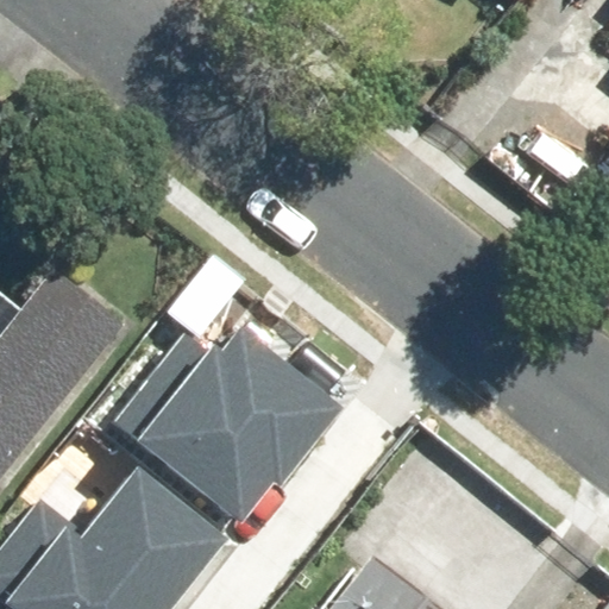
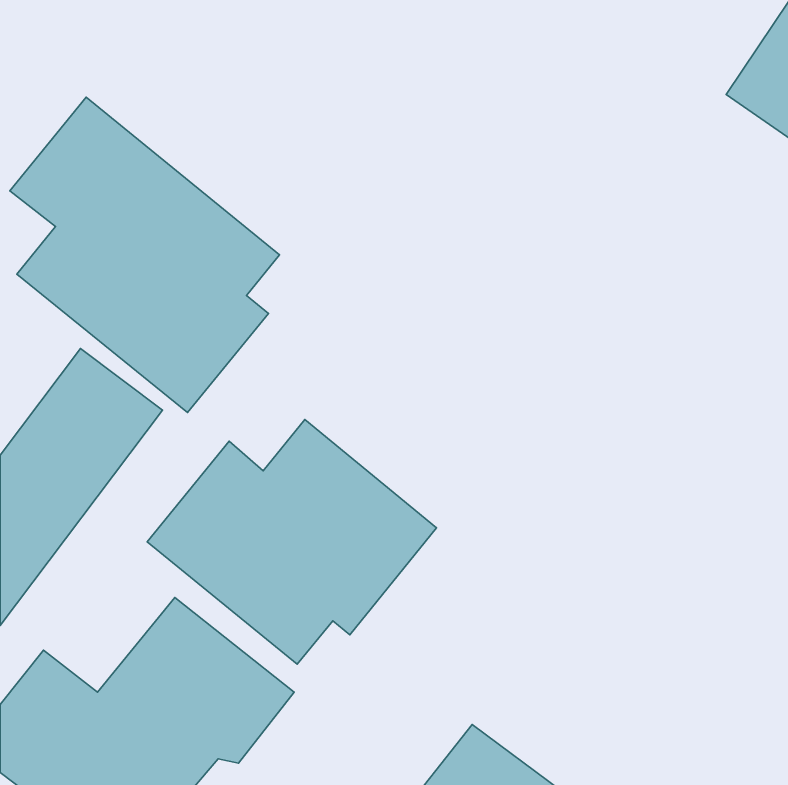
building: none -> [10,97,279,412]

